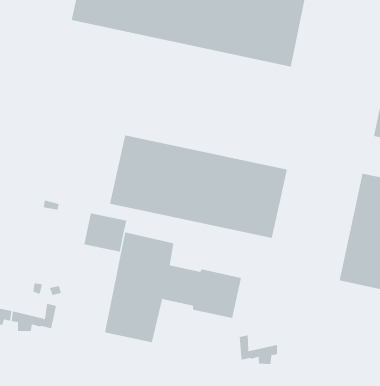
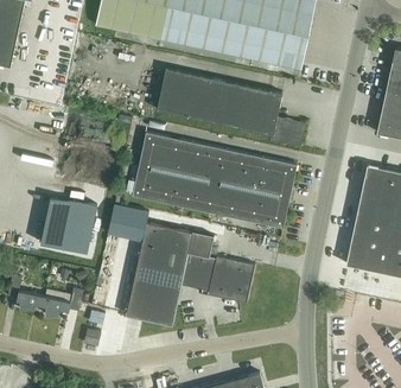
building: none -> [157,68,306,146]
building: none -> [38,208,94,263]
building: [239,335,278,365] -> none

